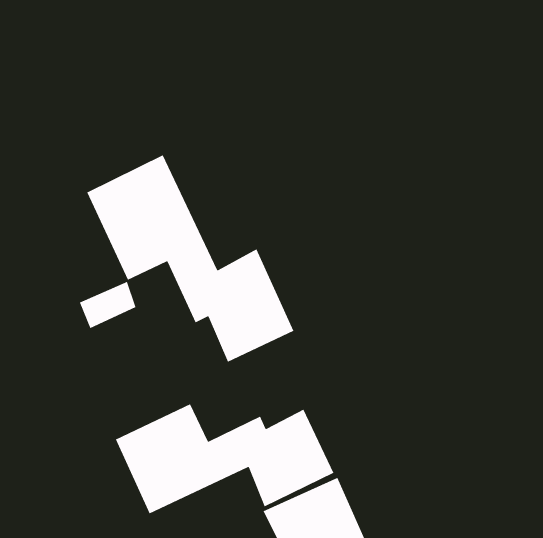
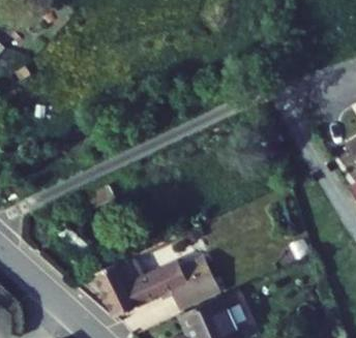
building: [86,154,295,363] -> none

